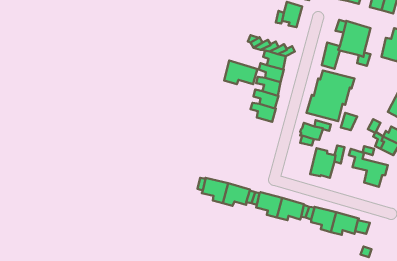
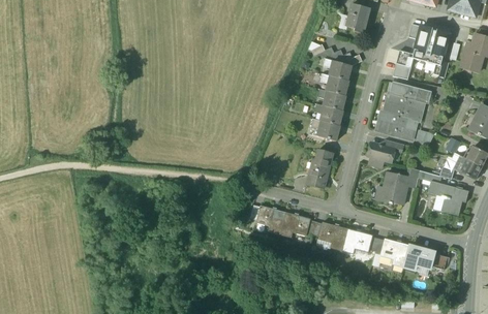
building: [224,61,258,84] -> none
building: none -> [309,149,333,188]

